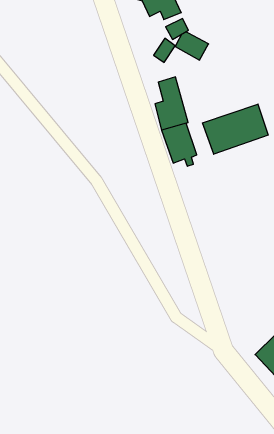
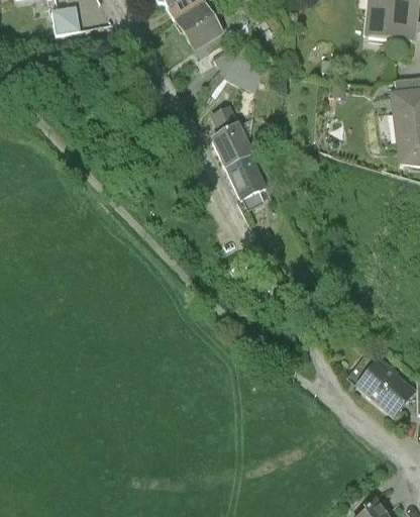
building: [202,104,268,154] -> none

